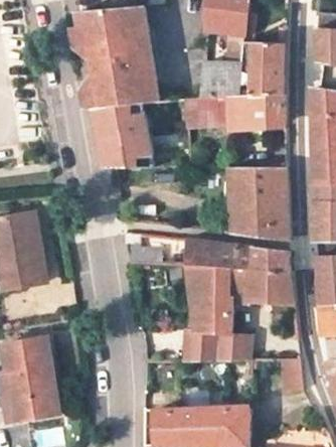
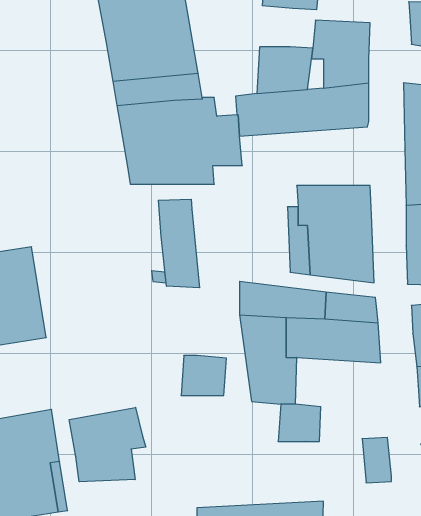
building: none -> [158,199,200,288]
building: [183,330,217,360] -> [181,356,226,395]
building: none -> [69,407,146,482]

